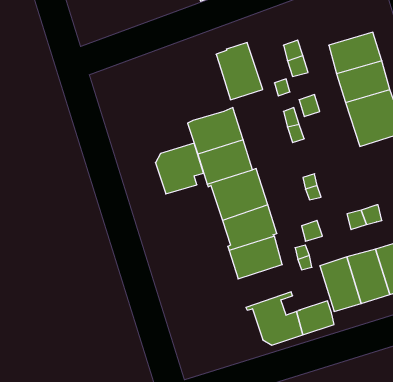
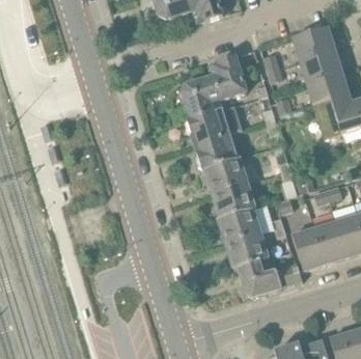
building: none -> [291,25,334,56]
building: [155,143,203,194] -> [182,76,220,116]
building: none -> [226,231,269,266]

